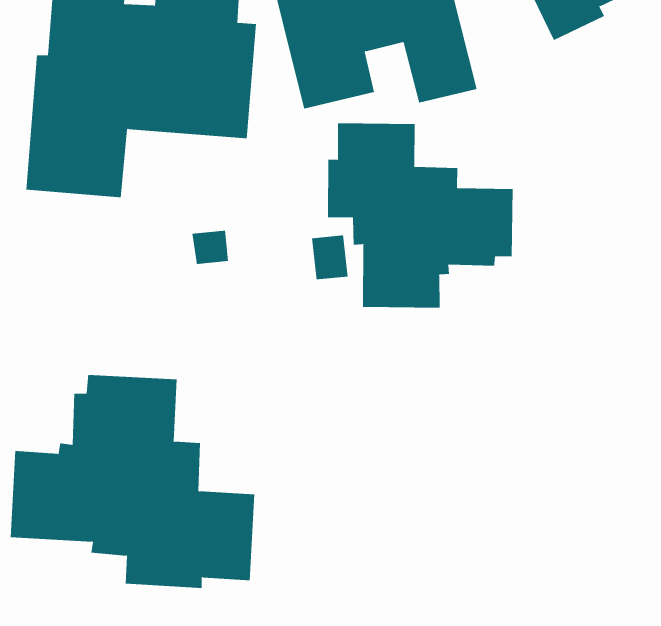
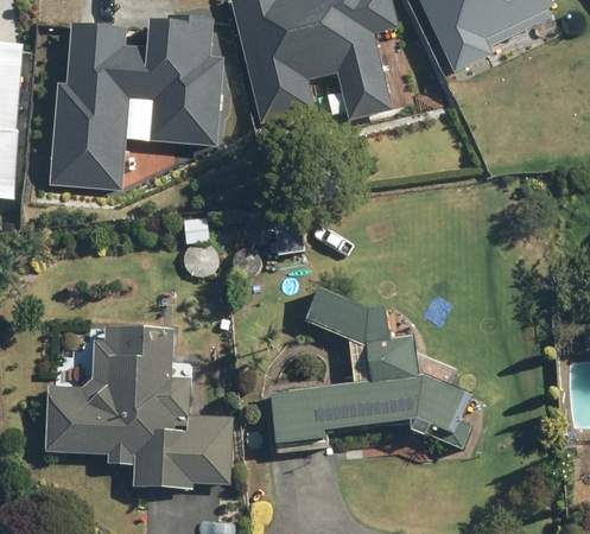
building: [327,123,513,308] -> none
building: none -> [262,287,468,449]

